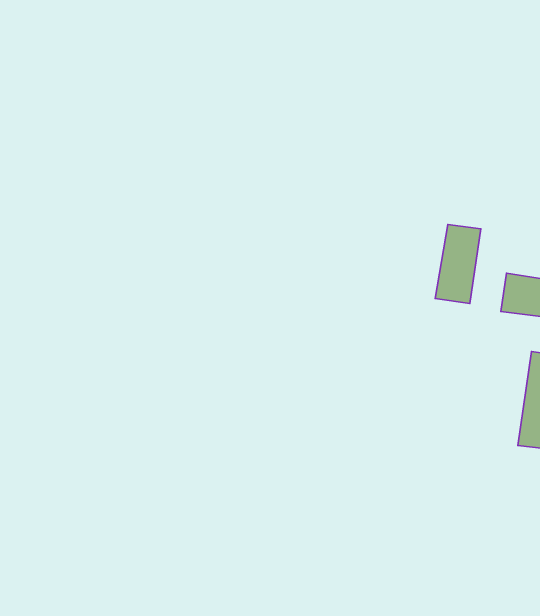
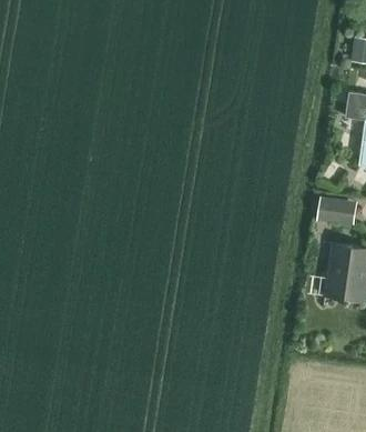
building: [435,224,481,304] -> none

